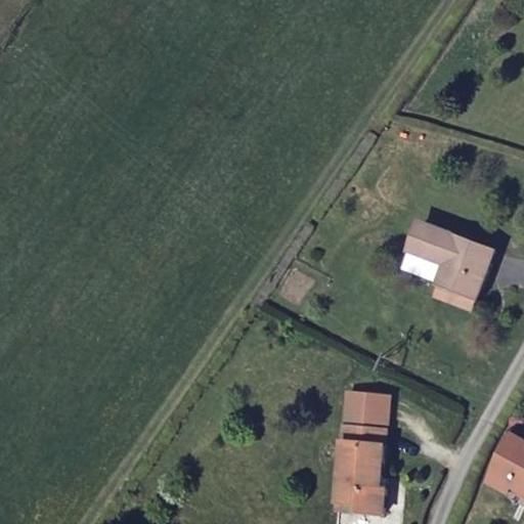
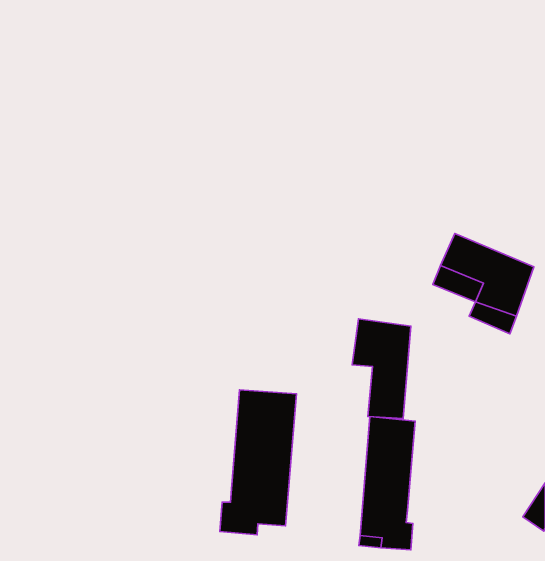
building: none -> [352,319,411,418]
building: none -> [220,390,297,535]

